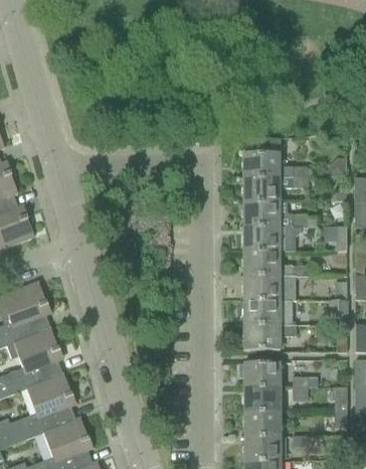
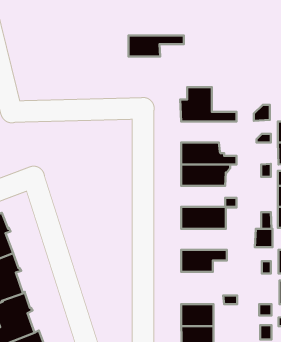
building: [243,178,307,202] -> [129,35,184,57]
building: [243,252,280,276] -> none
building: [239,301,296,325] -> none
building: [238,362,281,387] -> none

